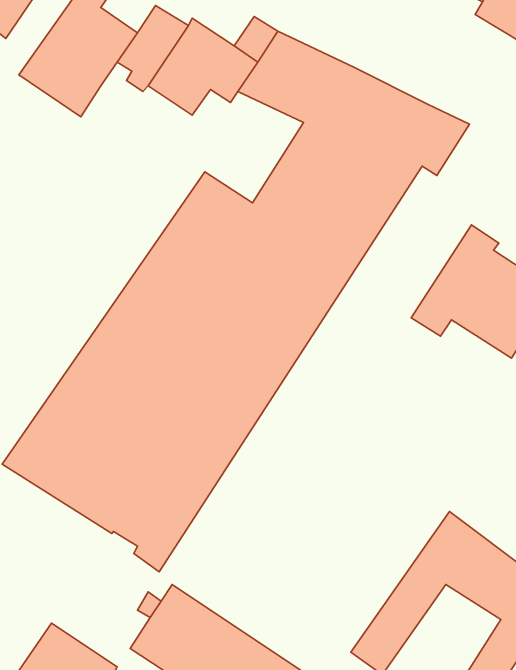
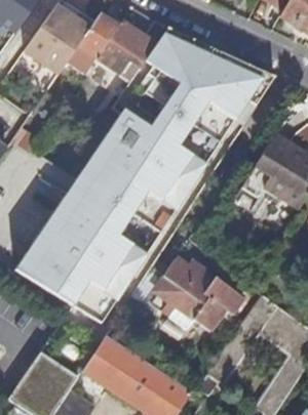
building: none -> [156,257,246,329]

